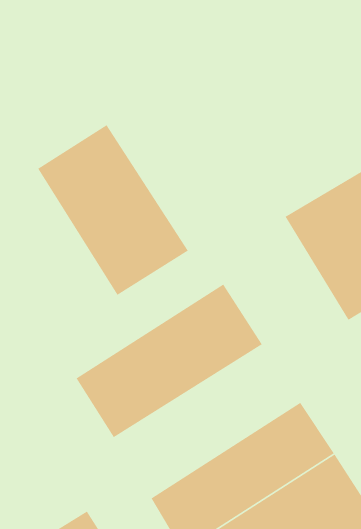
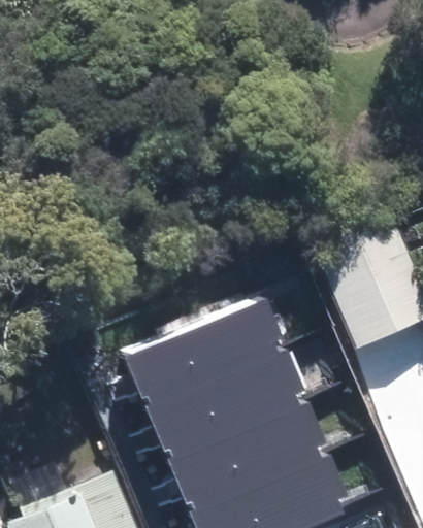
building: [37,124,189,296] -> none
building: none -> [150,357,308,467]

